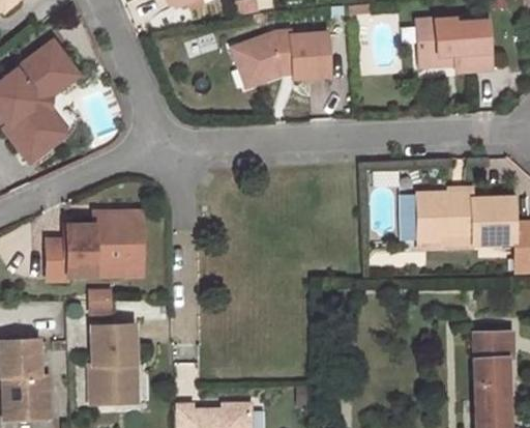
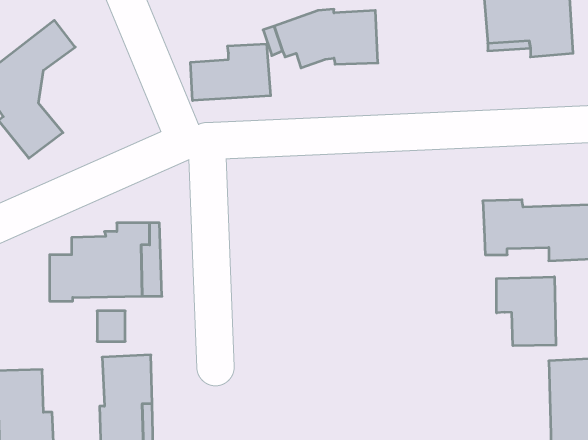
building: none -> [191,44,271,101]
building: none -> [496,277,556,346]

